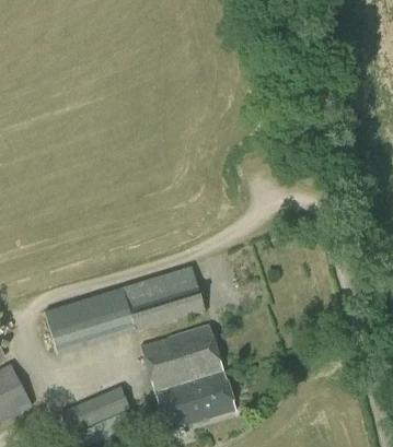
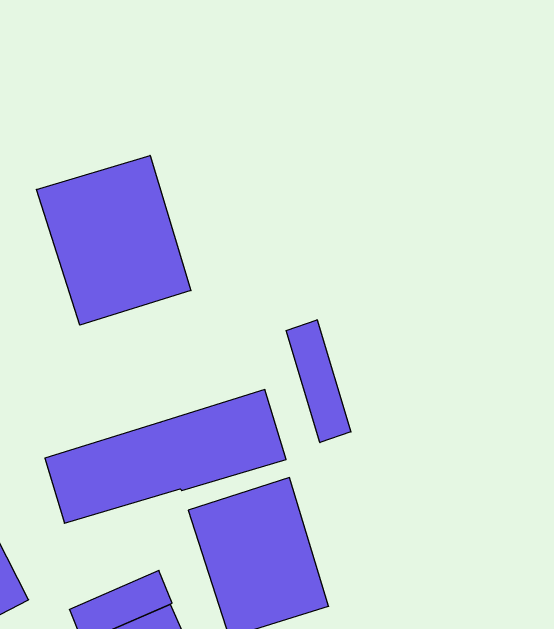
building: none -> [36,155,191,325]
building: none -> [286,320,351,443]

